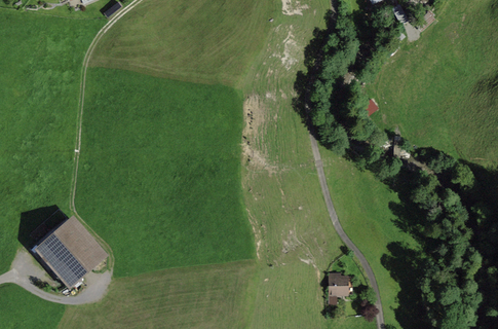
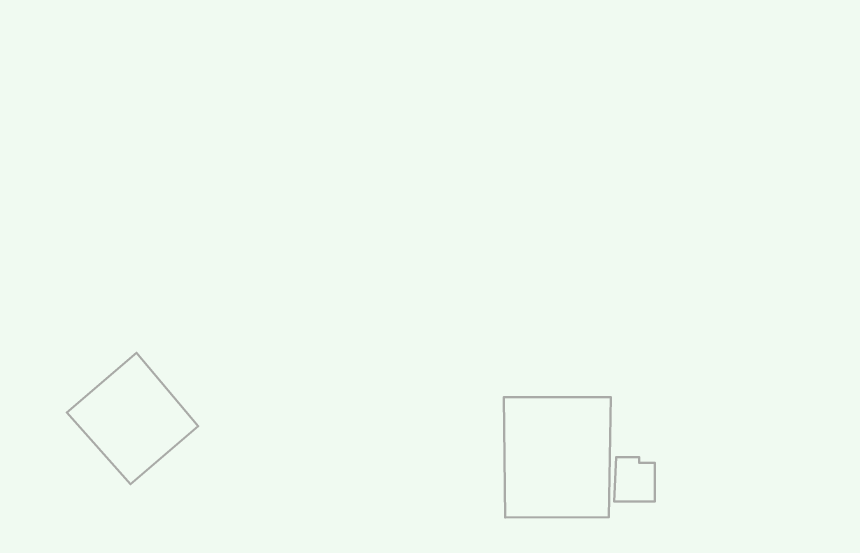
building: none -> [504,397,611,517]

